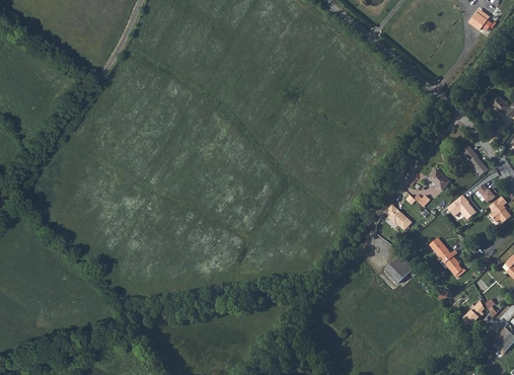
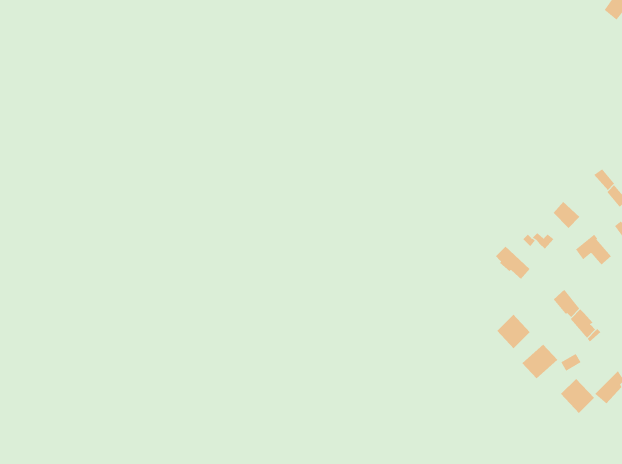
building: none -> [521,344,558,379]
building: none -> [560,378,595,414]

